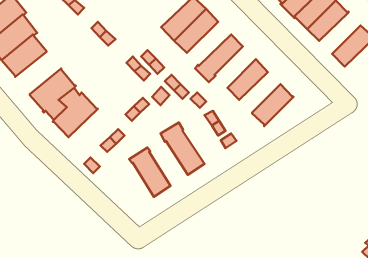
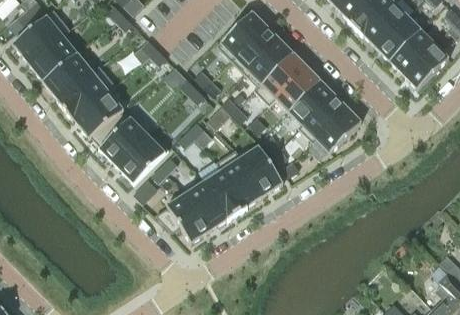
building: none -> [389,29,434,74]
building: none -> [245,39,293,87]
building: none -> [56,65,116,120]
building: none -> [275,66,320,111]
building: none -> [298,94,347,142]
building: none -> [116,130,169,183]
building: none -> [240,145,283,194]
building: none -> [198,160,247,220]
building: none -> [156,193,209,242]

